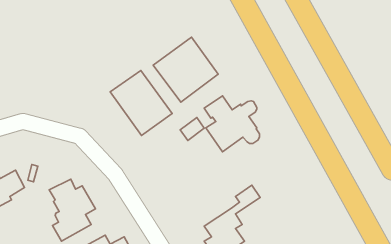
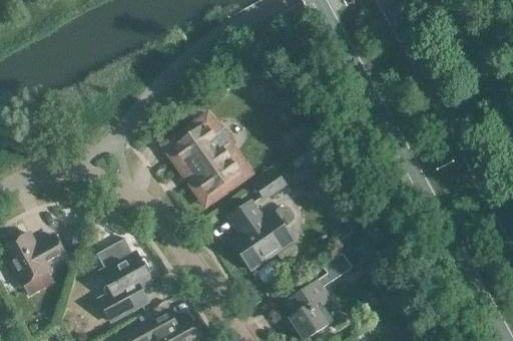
building: [153,37,218,102] -> none
building: [204,96,259,152] -> [229,201,297,269]

